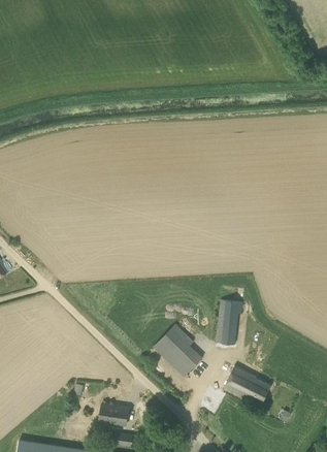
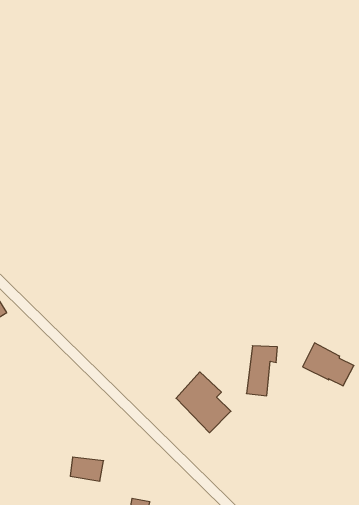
building: [225,366,269,403] -> [303,343,354,386]
building: [99,406,128,426] -> [70,457,104,481]

